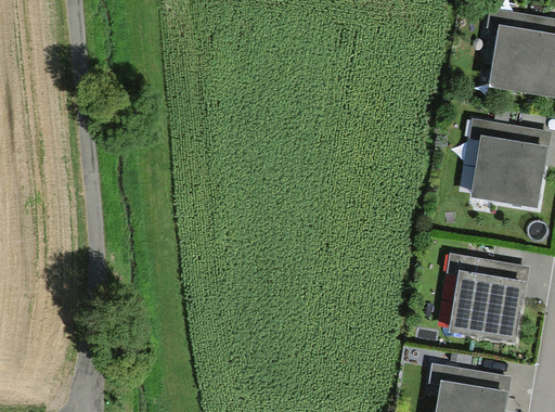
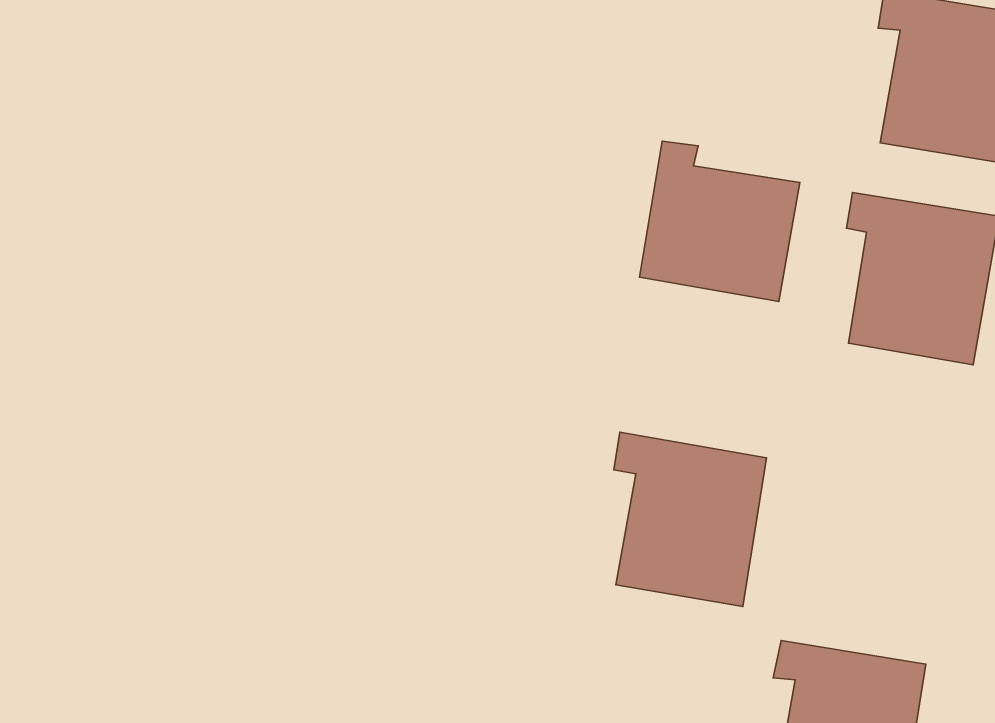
building: none -> [639,141,800,301]
building: [446,252,529,347] -> [614,432,766,607]

